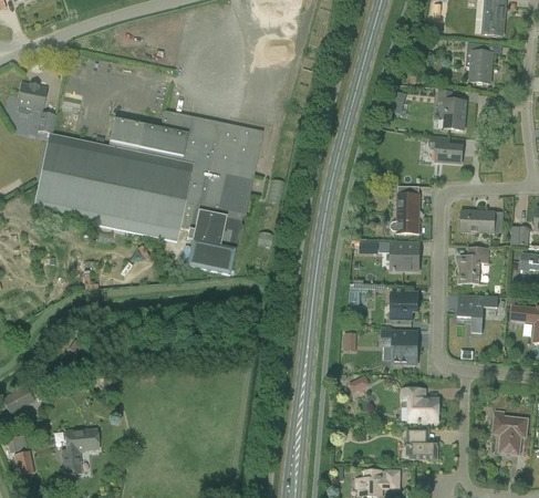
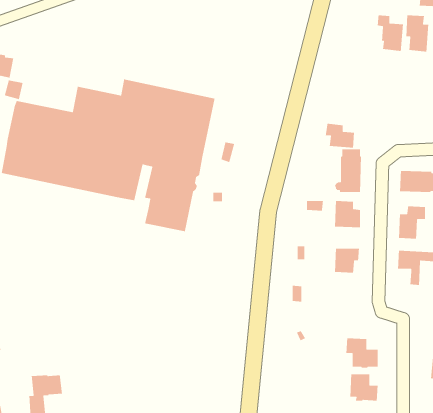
building: [437,89,466,128] -> [377,15,404,52]
building: [429,134,462,162] -> [325,123,355,149]
building: [381,330,416,363] -> none

